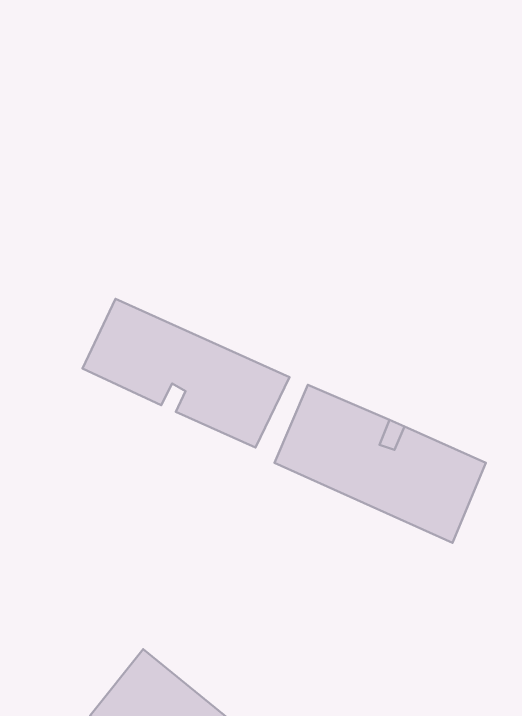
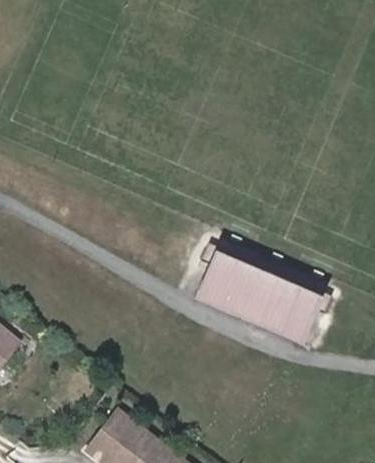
building: [82,299,290,448] -> none

